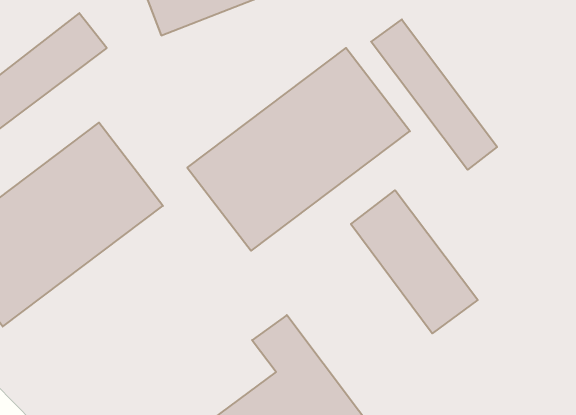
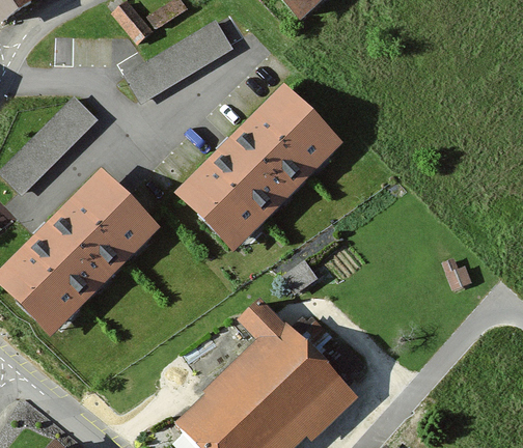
building: [371,19,497,170] -> none
building: [351,190,478,333] -> none

